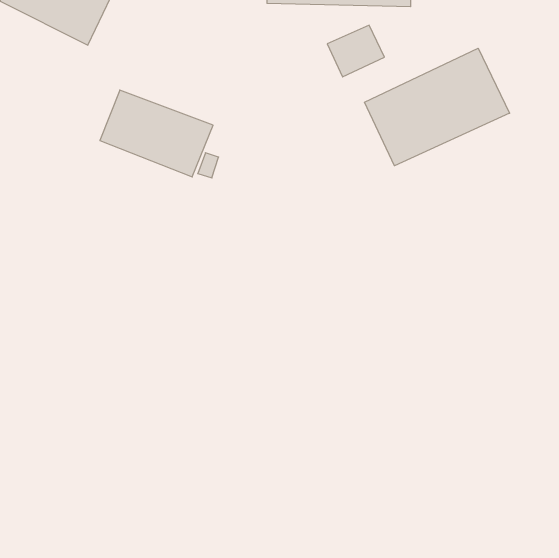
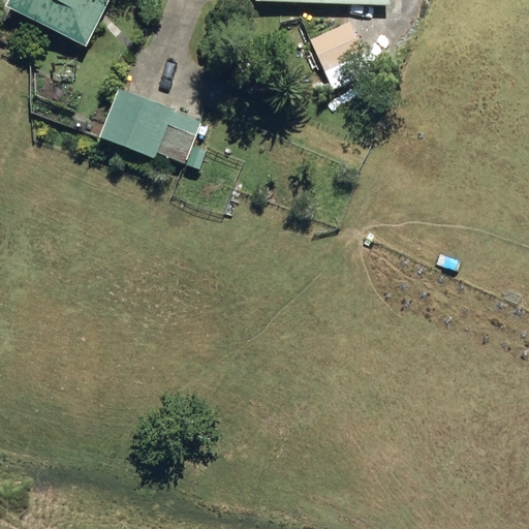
building: [364,48,510,166] -> none

